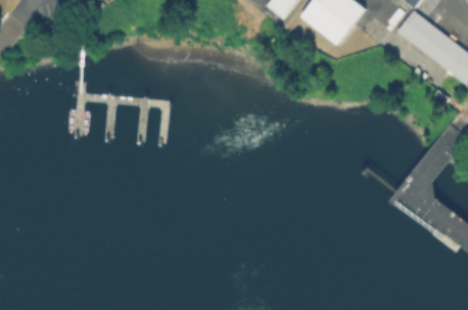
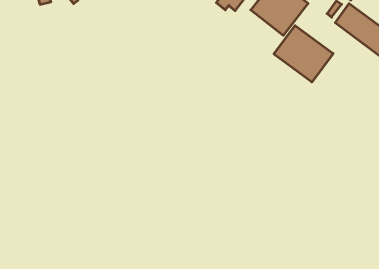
building: none -> [274,26,333,82]

